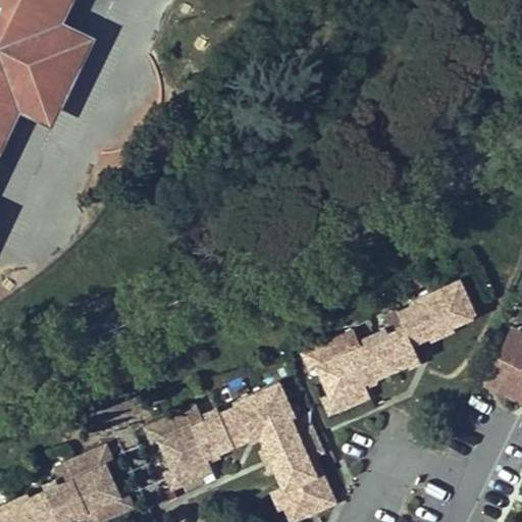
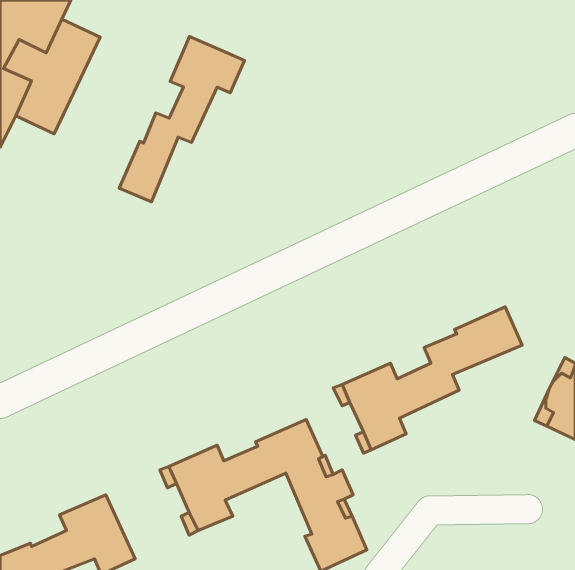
building: none -> [119,37,245,202]

